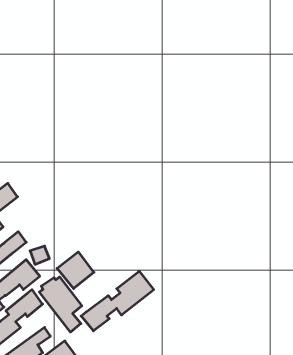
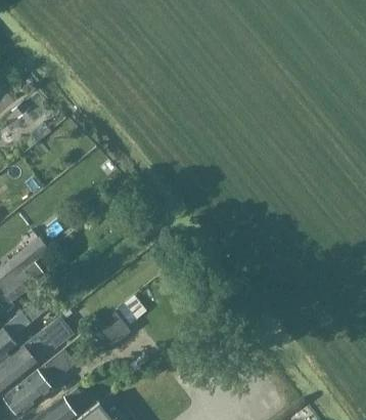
building: [81,271,154,331] -> none
building: [39,277,82,332] -> none

